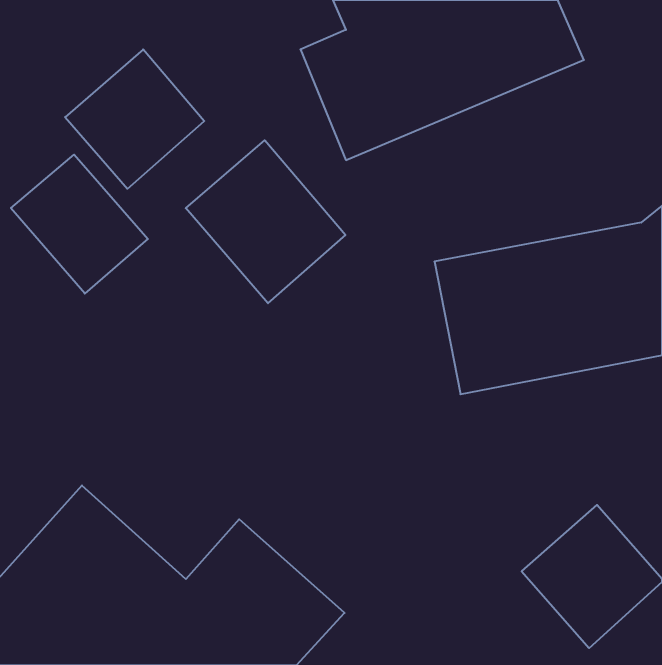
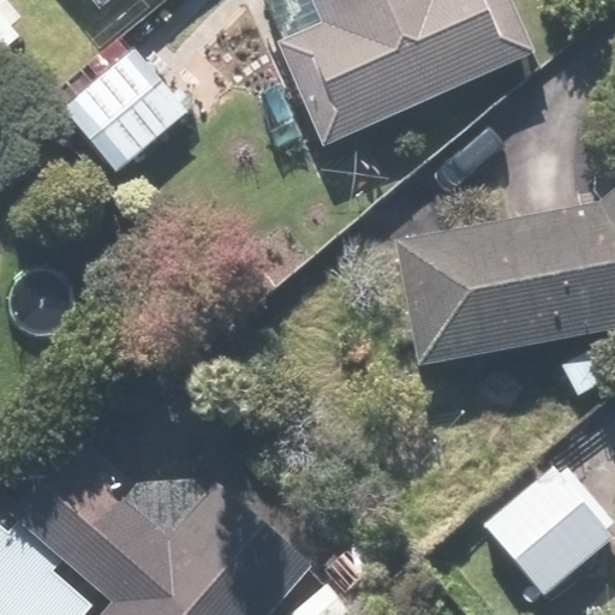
building: [186,140,345,303] -> none
building: [11,155,148,294] -> none

